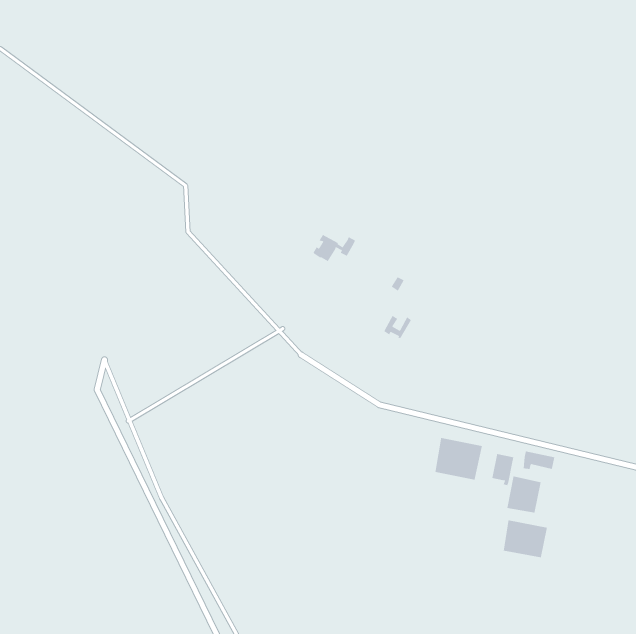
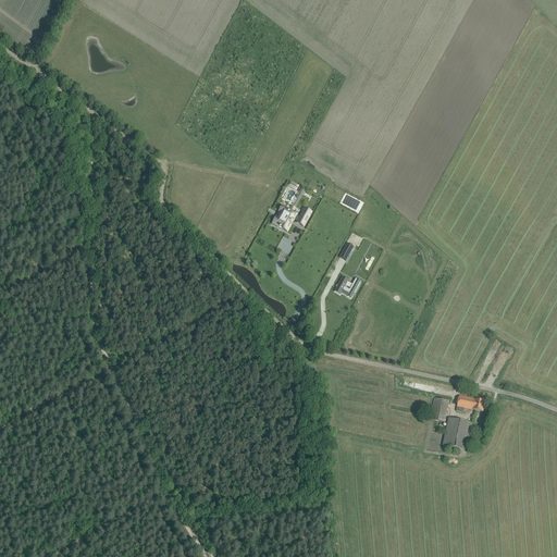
building: [435,437,483,480] -> none
building: [503,520,548,558] -> none

